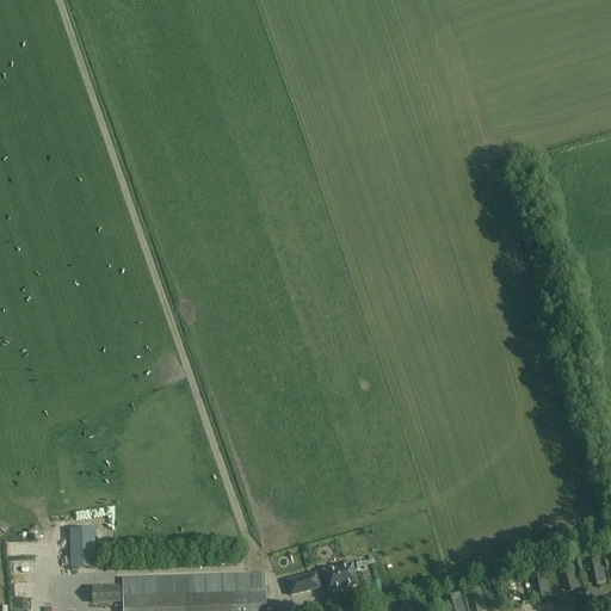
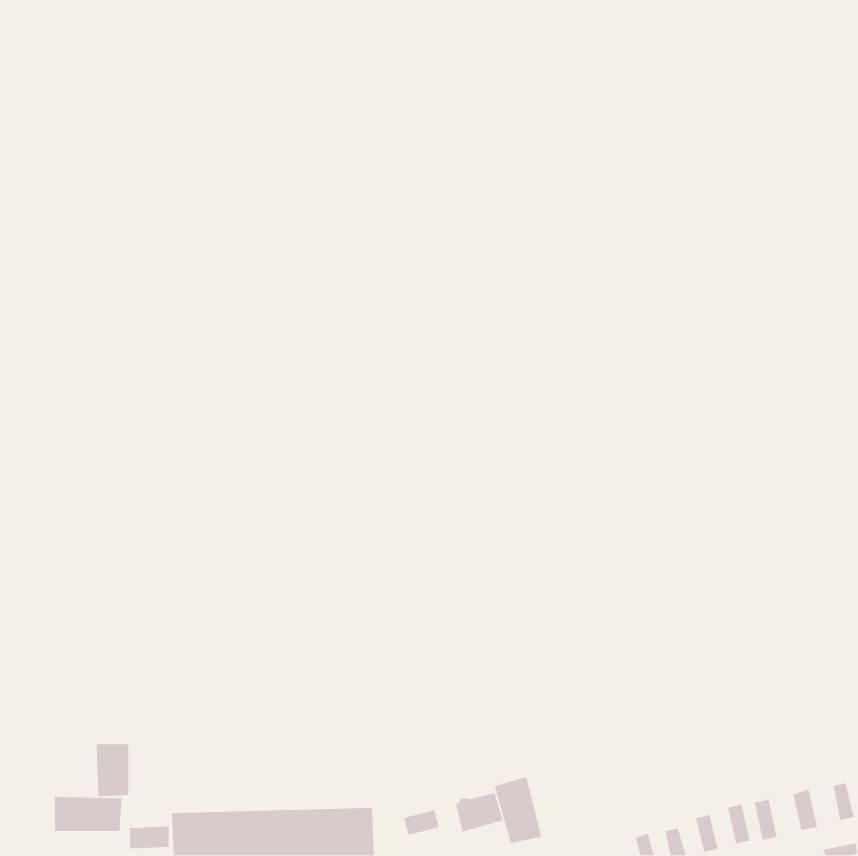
building: none -> [494,776,542,844]
building: none -> [54,796,122,832]

